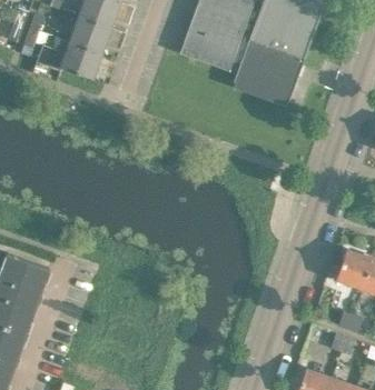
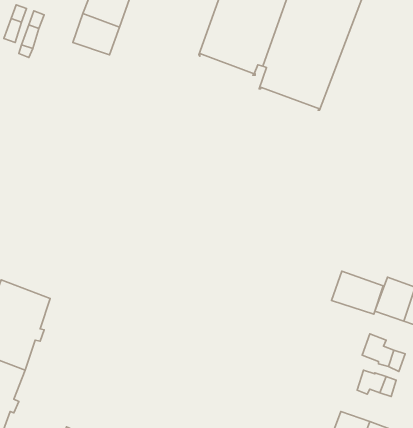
building: [36,41,100,78] -> none
building: none -> [331,271,383,314]

